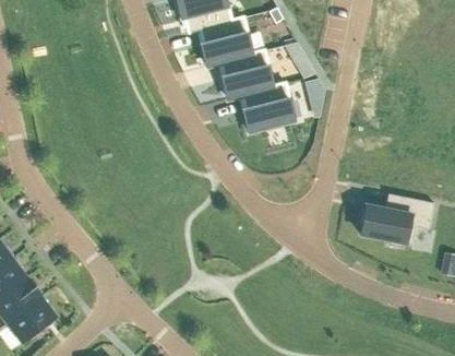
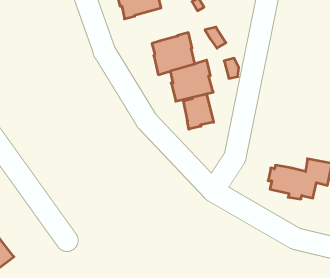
building: [200,16,251,66] -> none
building: none -> [184,94,214,129]

